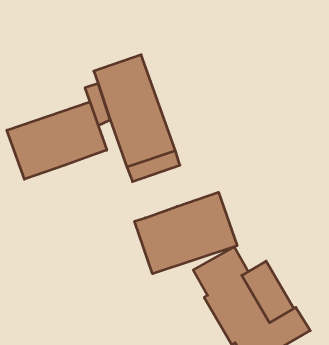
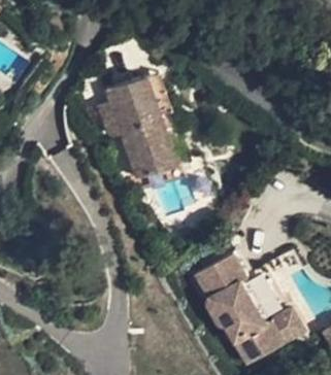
building: [7,102,107,179] -> none
building: [135,192,237,274] -> none

